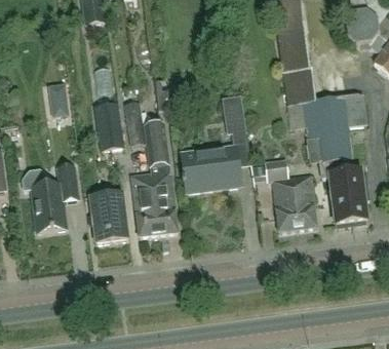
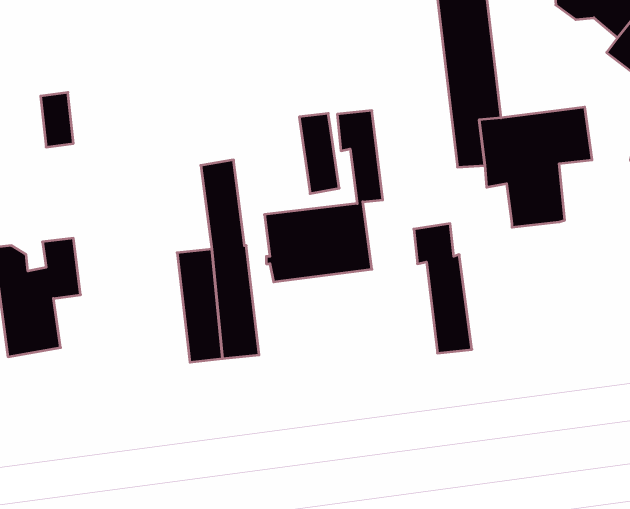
building: [122,100,145,145] -> [299,113,339,194]
building: [92,101,123,149] -> none
building: [318,157,366,224] -> none
building: [290,173,316,229] -> none
building: [90,192,128,241] -> none

